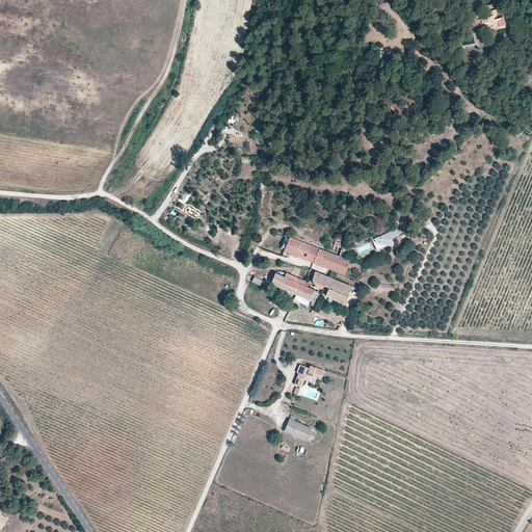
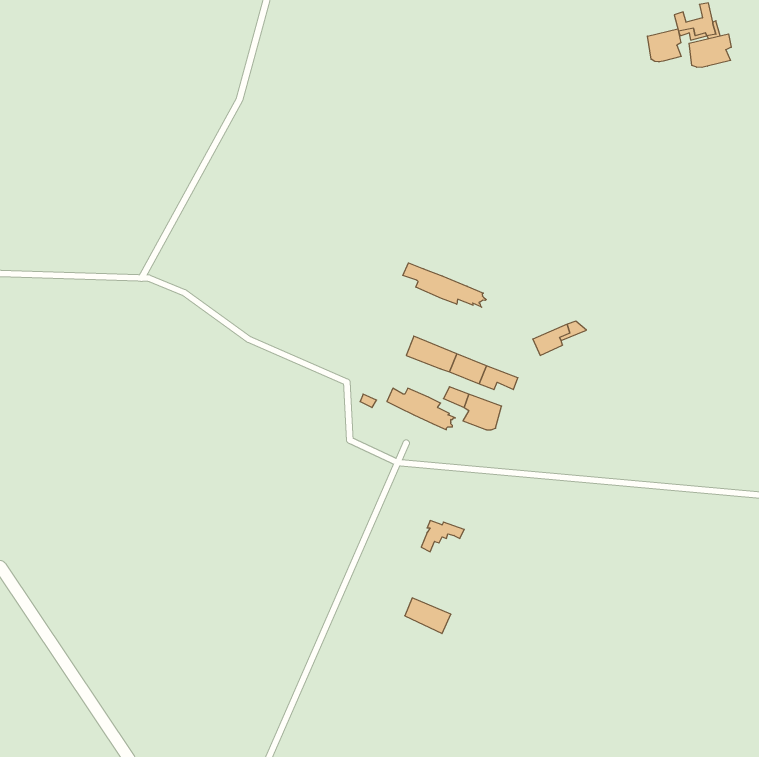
building: none -> [647,29,681,62]
building: none -> [689,34,731,67]
building: none -> [403,263,486,307]

